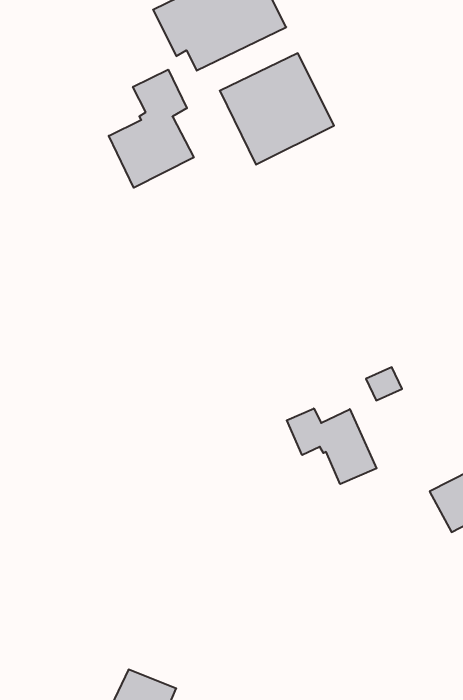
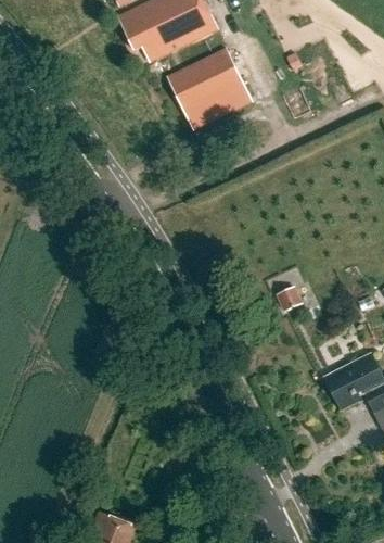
building: [109,70,194,188] -> none
building: [287,408,377,484] -> none

